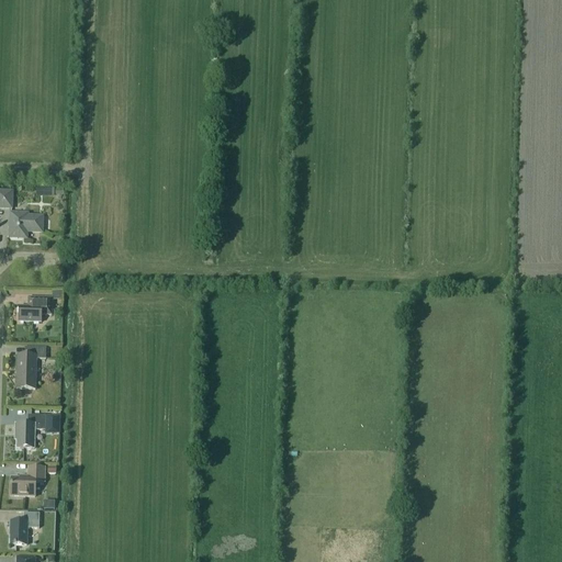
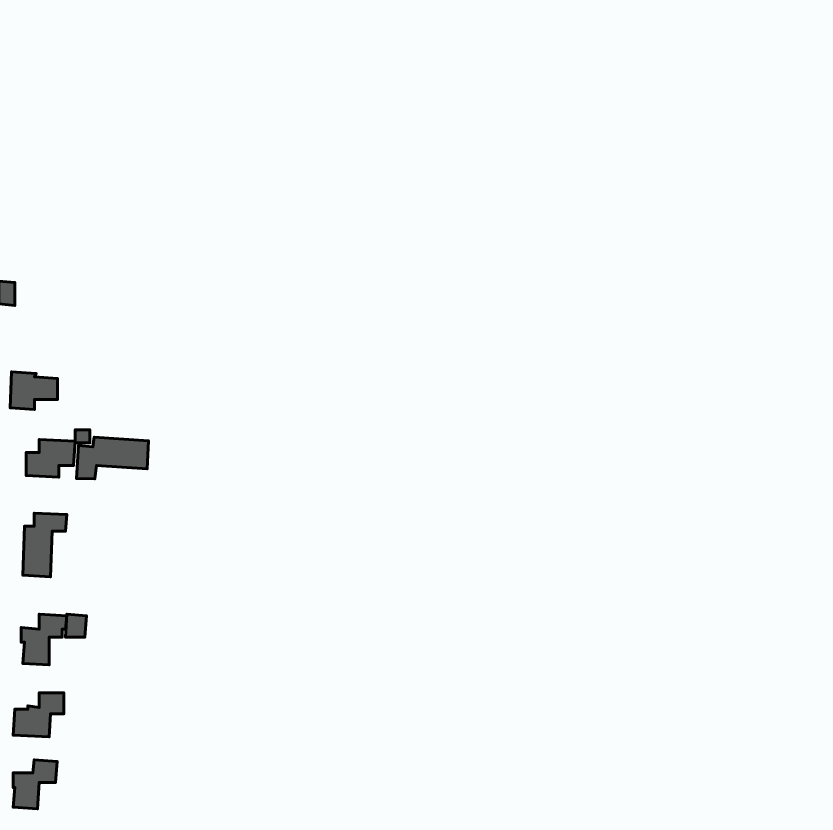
building: [9,211,41,236] -> [10,372,57,409]
building: none -> [77,437,149,479]

